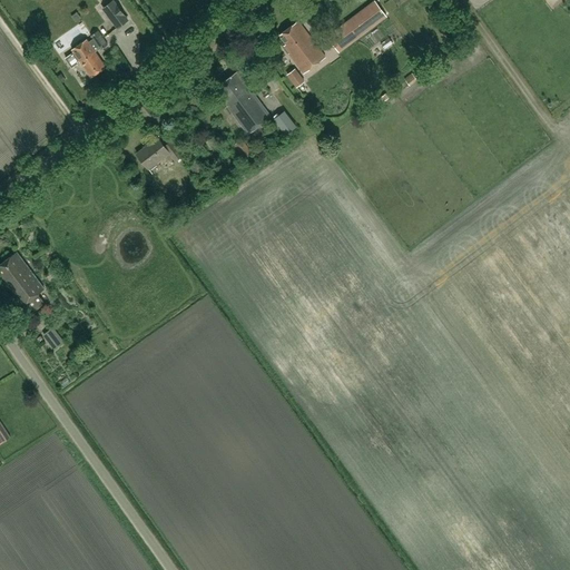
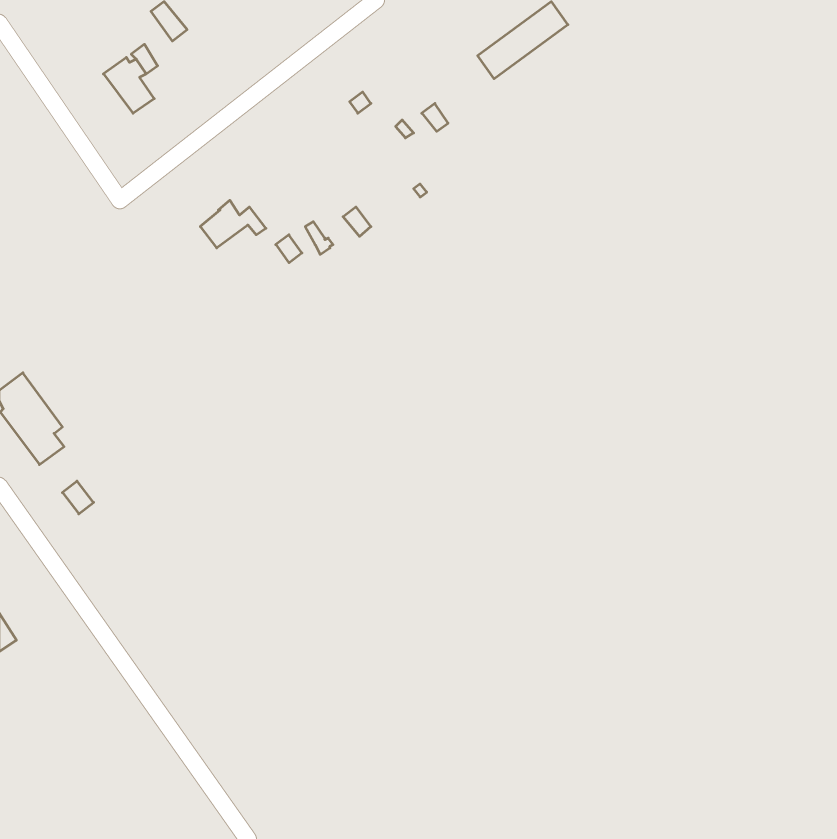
building: [278,21,324,73] -> none
building: [218,72,269,132] -> none

